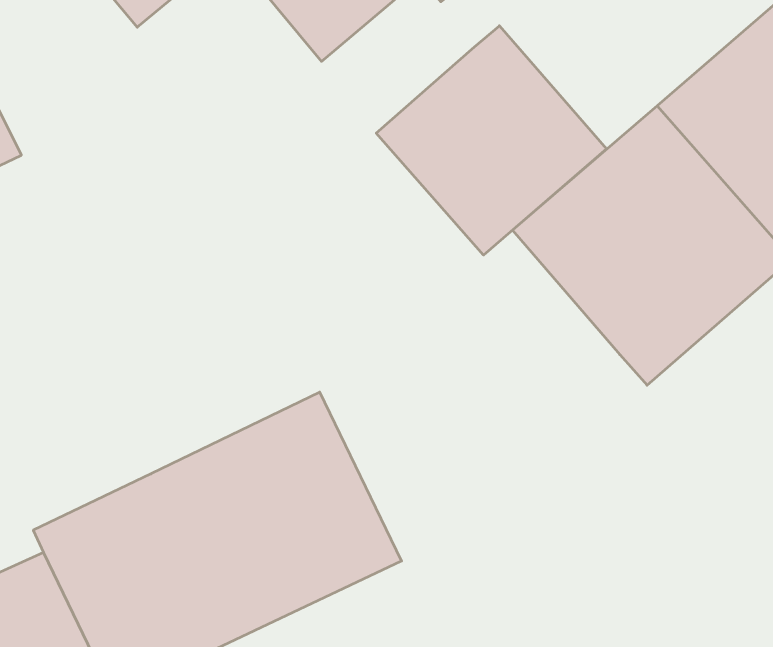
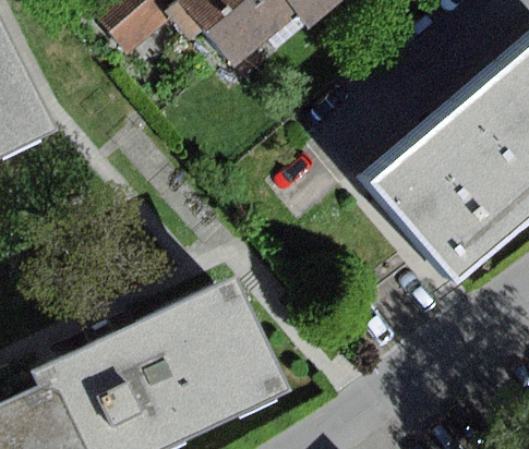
building: [376,26,607,255] -> none

